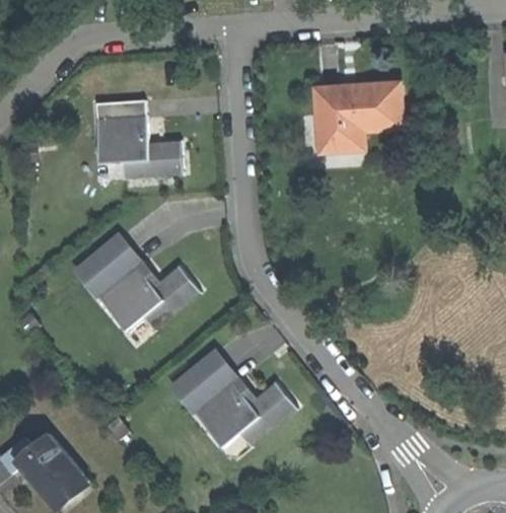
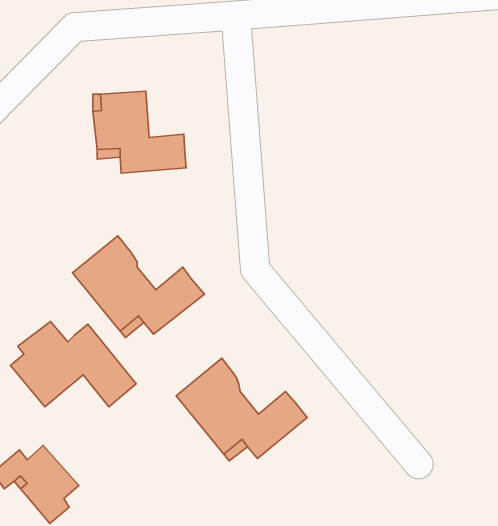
building: [318,79,407,150] -> none
building: none -> [10,321,136,407]

